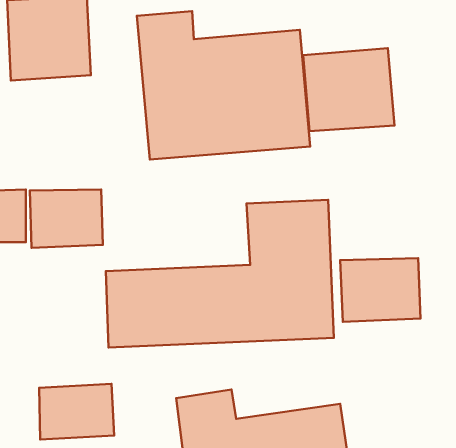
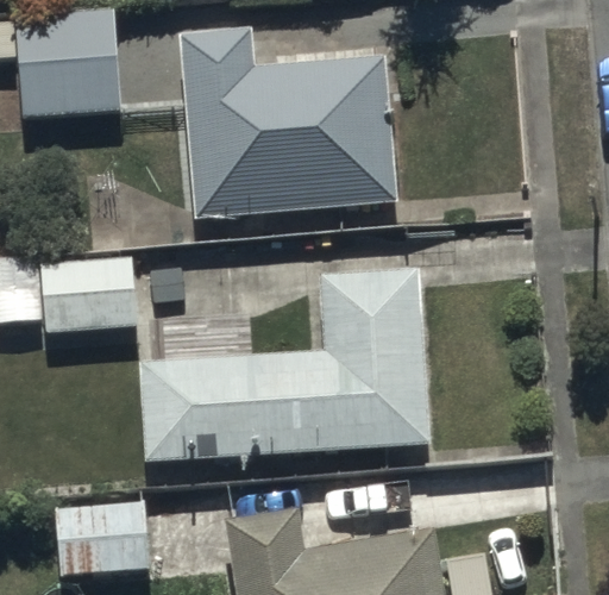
building: [303,48,394,131] -> none
building: [340,258,421,322] -> none

